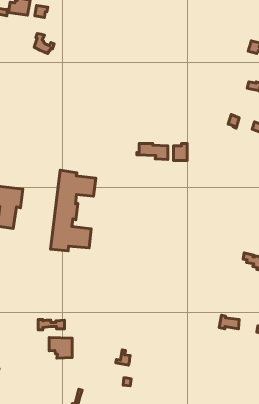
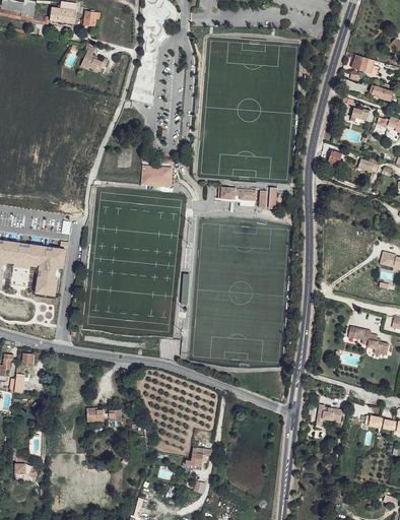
building: none -> [142,165,174,186]
building: [51,170,96,251] -> none
building: [49,337,72,358] -> none

